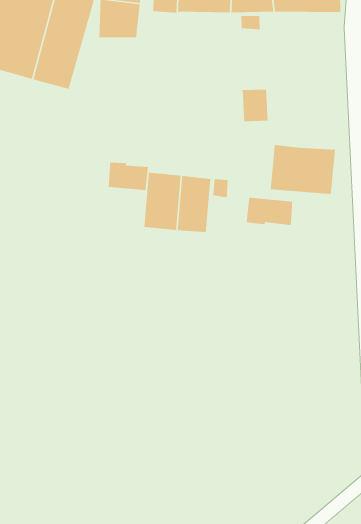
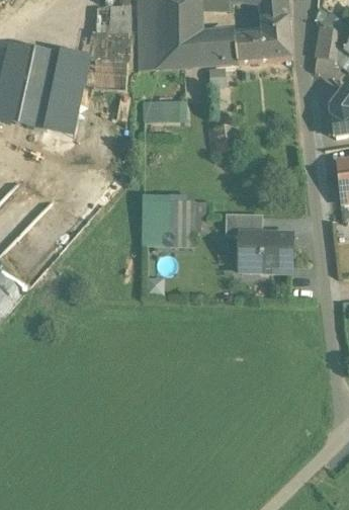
building: none -> [145,99,180,121]
building: [270,144,336,195] -> [240,233,291,271]
building: [108,162,149,191] -> none

